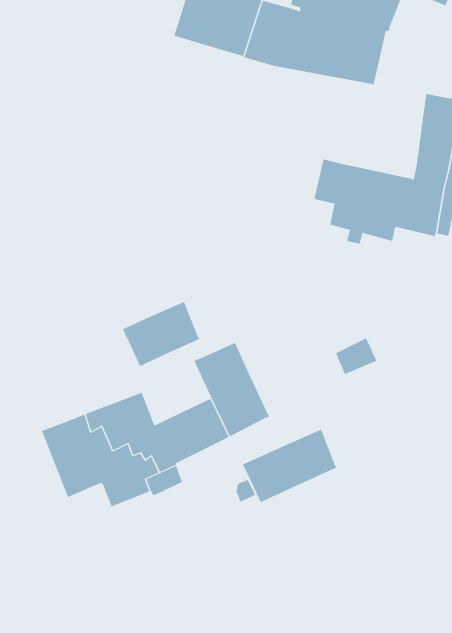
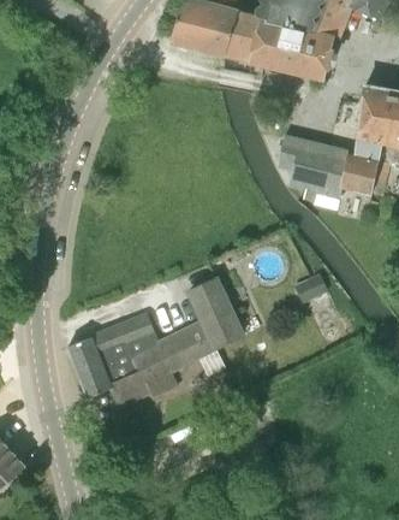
building: [122,301,200,367] -> none
building: [242,429,337,503] -> none

